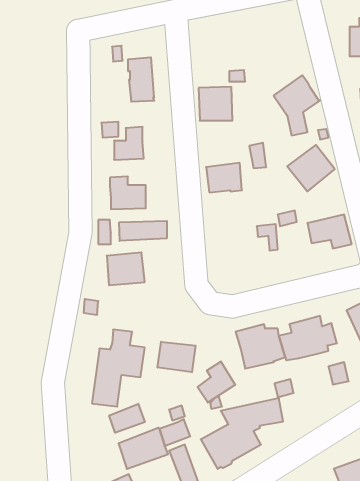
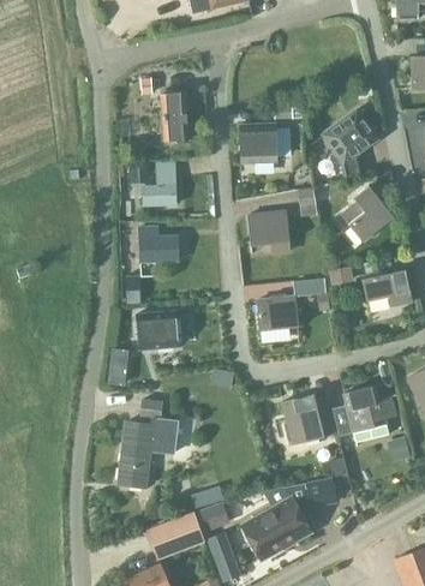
building: [119,221,167,241] -> none
building: none -> [257,297,298,329]
building: [158,342,196,372] -> none
building: [198,361,235,403] -> none
building: [109,404,145,433] -> none

